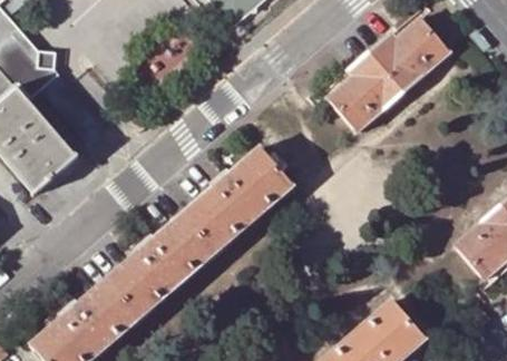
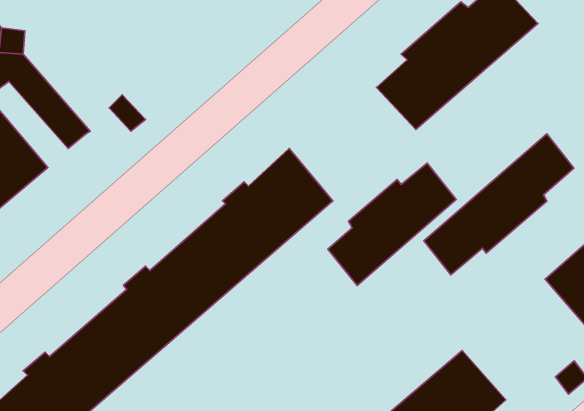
building: none -> [424,134,574,275]
building: none -> [328,163,456,286]

